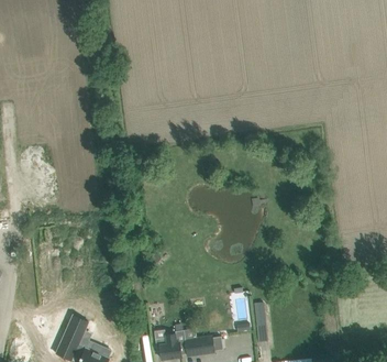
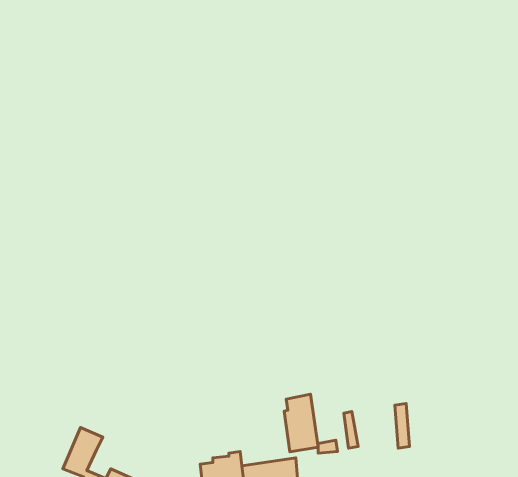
building: none -> [284,394,318,452]

